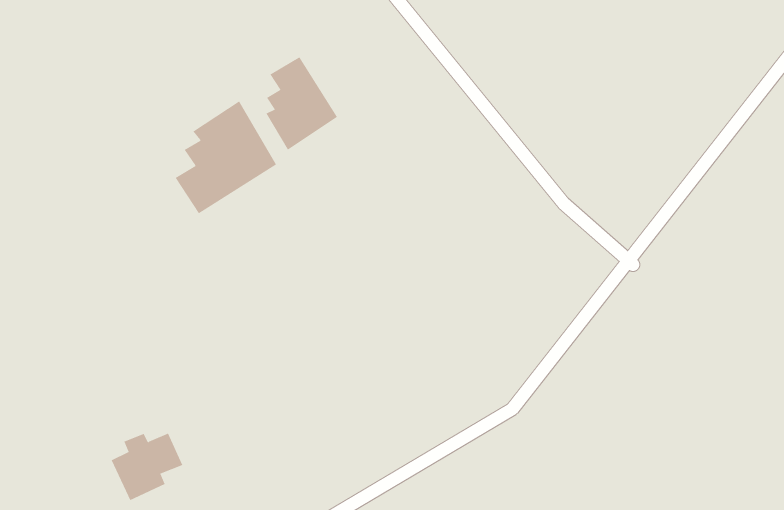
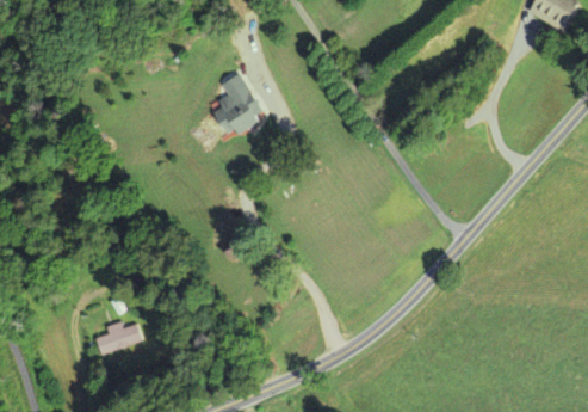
building: [175,100,277,214] -> none

